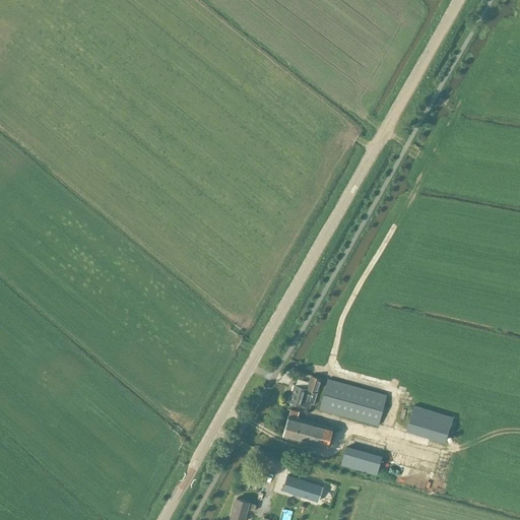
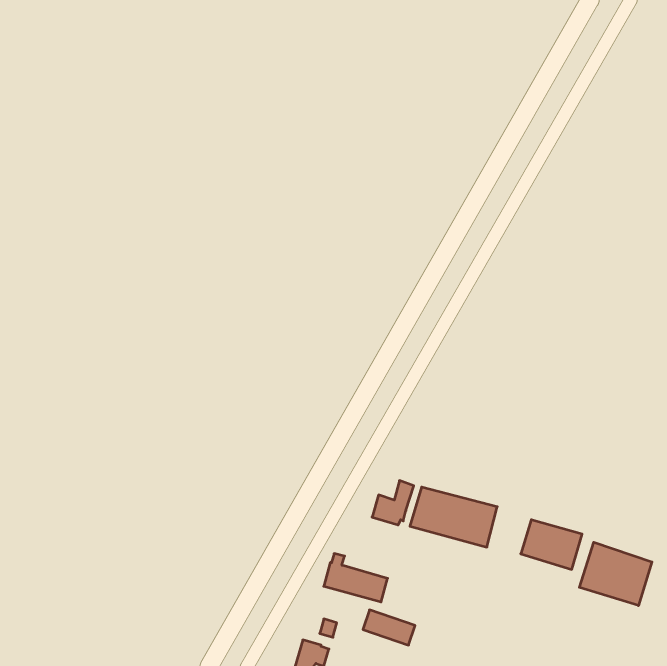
building: [282,411,332,449] -> [324,554,388,602]
building: none -> [579,542,652,606]
building: [341,447,382,475] -> none

